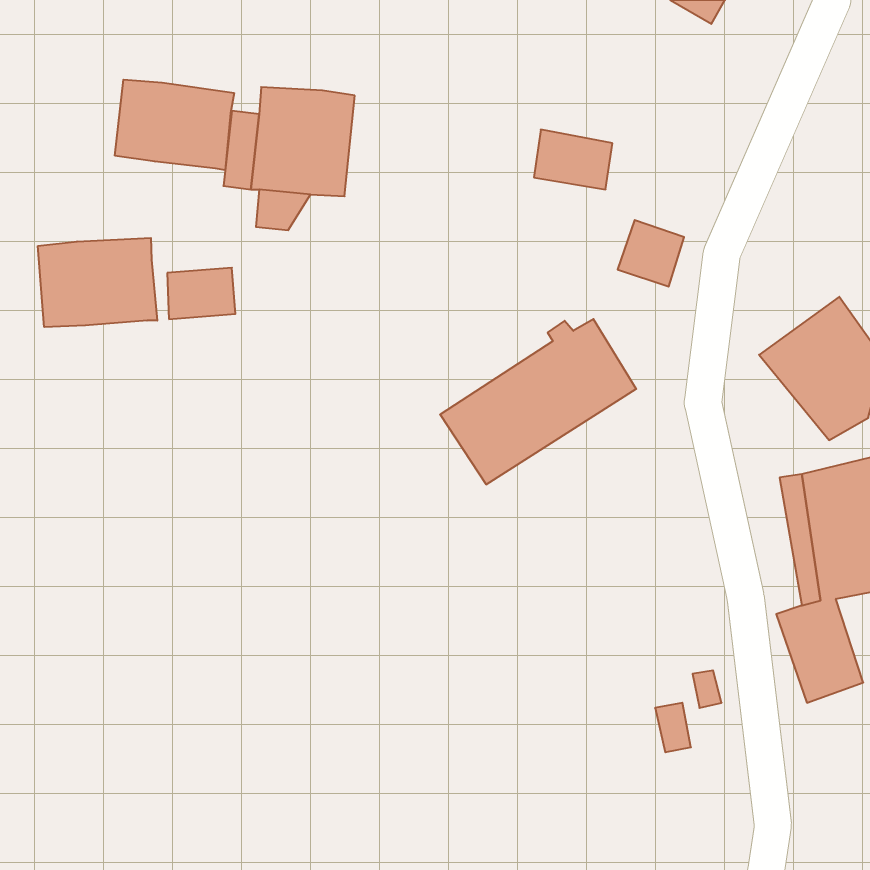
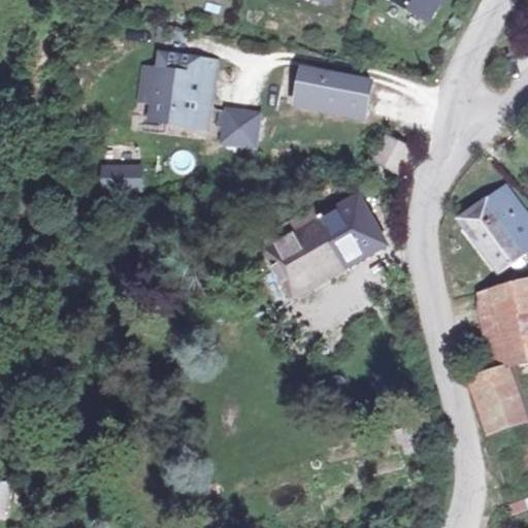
building: [115,80,234,170] -> none
building: none -> [297,75,367,123]
building: none -> [219,105,265,150]
building: [38,238,157,327] -> none

